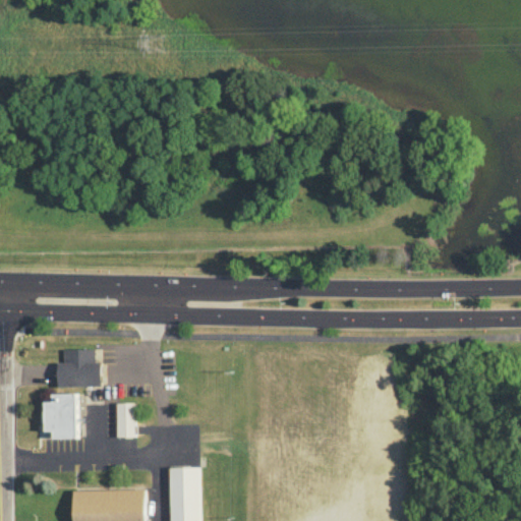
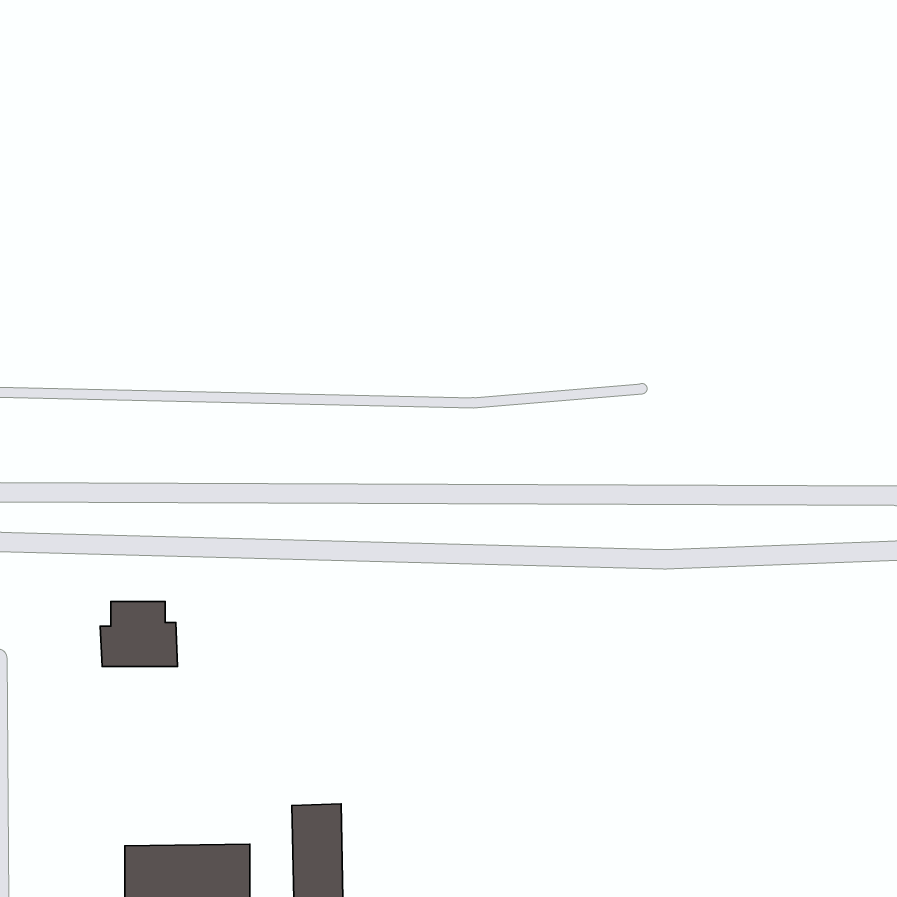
building: [46,394,77,440] -> none
building: [117,403,135,437] -> none

